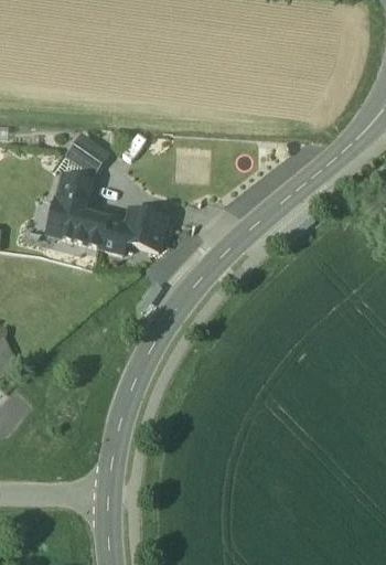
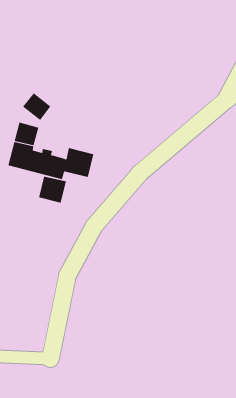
building: none -> [39,176,66,204]

